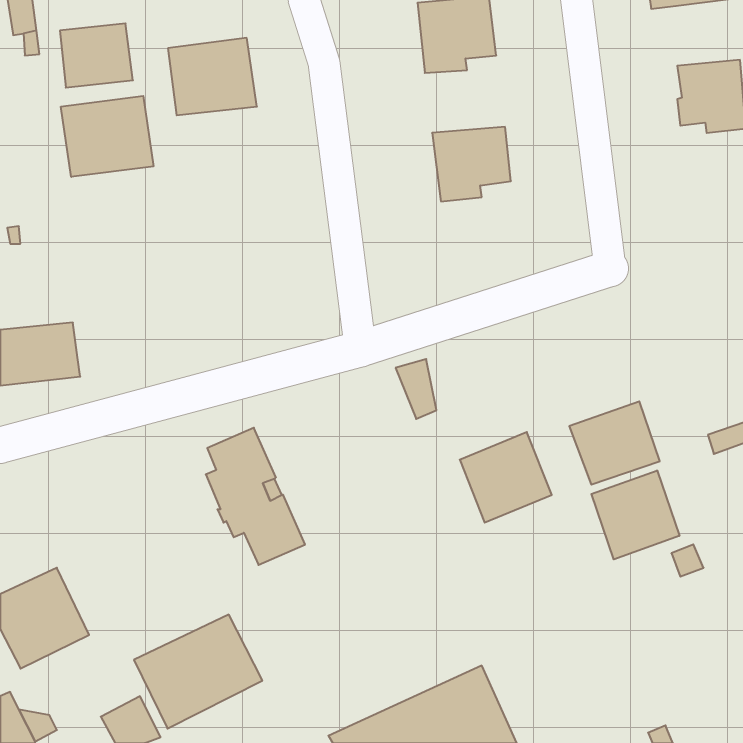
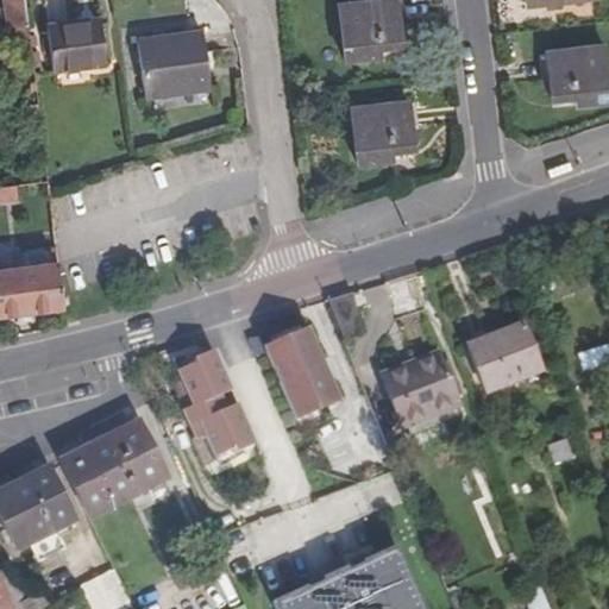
building: [61,96,153,177] -> none
building: none -> [262,328,337,420]
building: [591,470,679,559] -> none
building: [134,615,262,729] -> [62,419,167,511]

